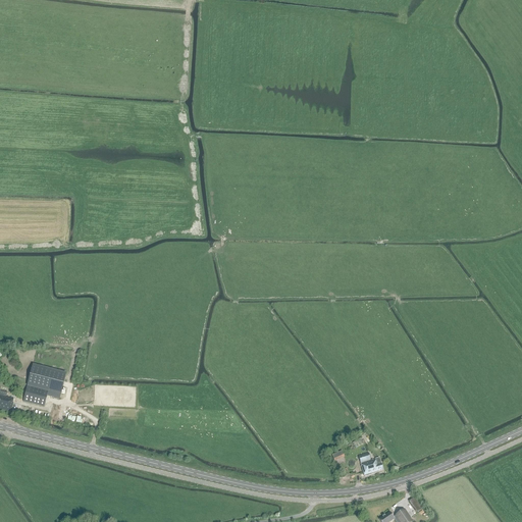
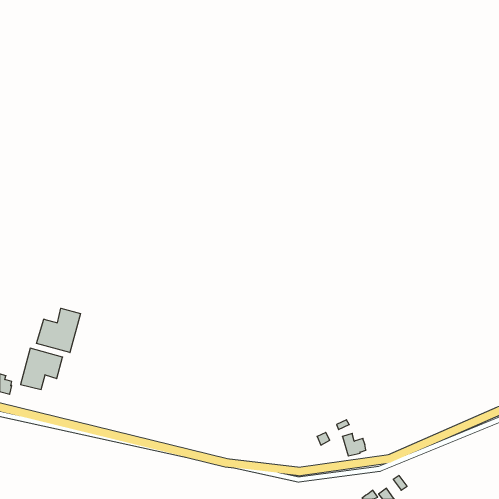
building: none -> [37,308,81,353]

